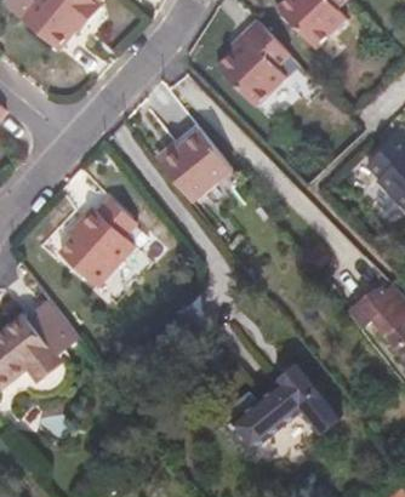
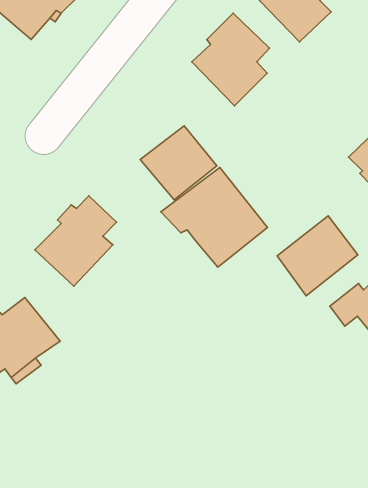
building: none -> [161,168,267,267]
building: none -> [277,216,358,296]
building: [227,364,348,452] -> none

